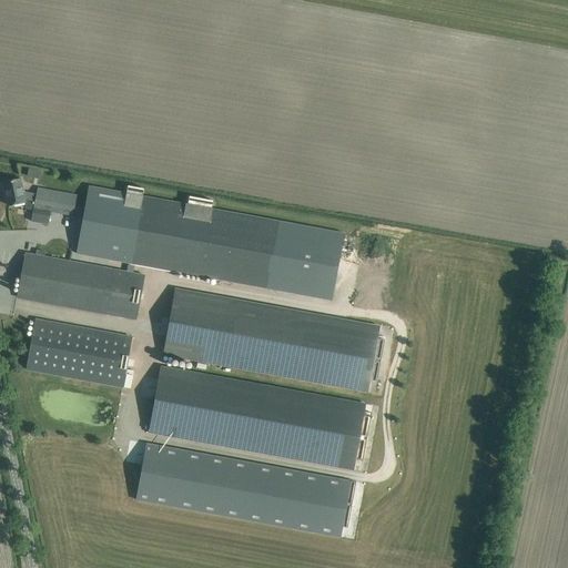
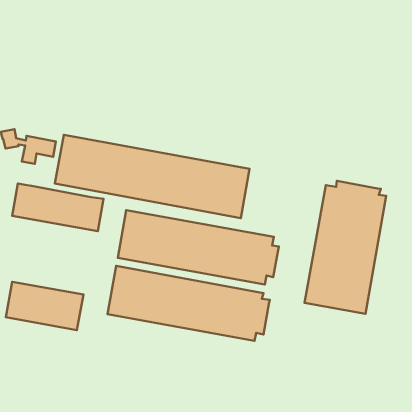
building: none -> [304,181,386,314]
building: [24,320,131,386] -> [6,282,83,330]
building: [133,445,355,547] -> none

